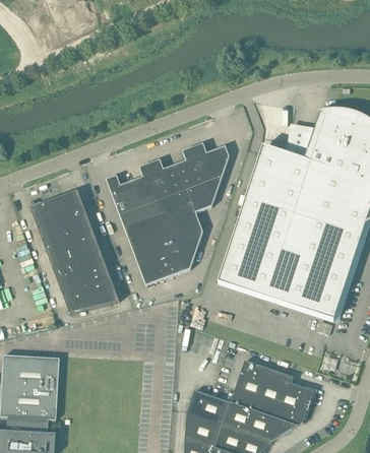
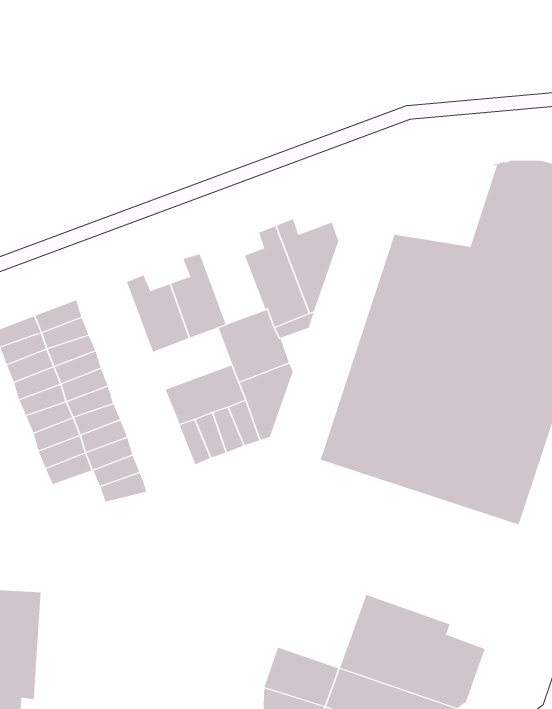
building: [149,158,187,203] -> none
building: [122,205,168,241] -> none
building: [64,287,95,312] -> none

